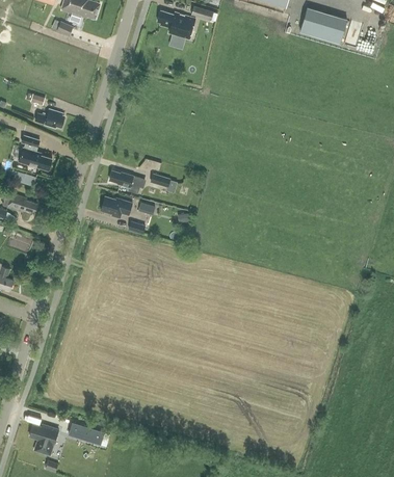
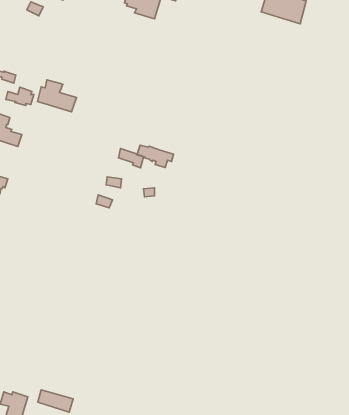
building: none -> [37,80,76,112]
building: [108,170,146,193] -> [137,145,173,167]
building: [100,196,132,218] -> none

